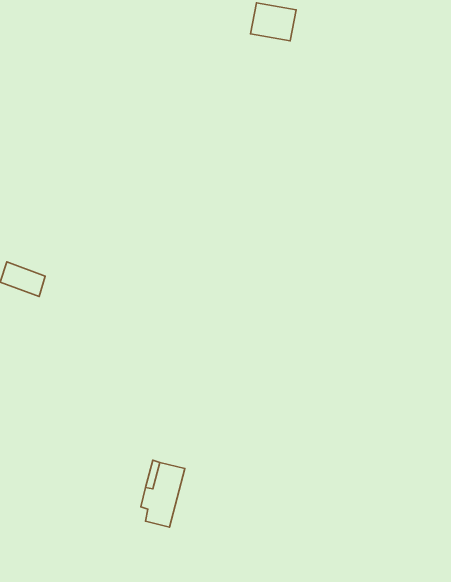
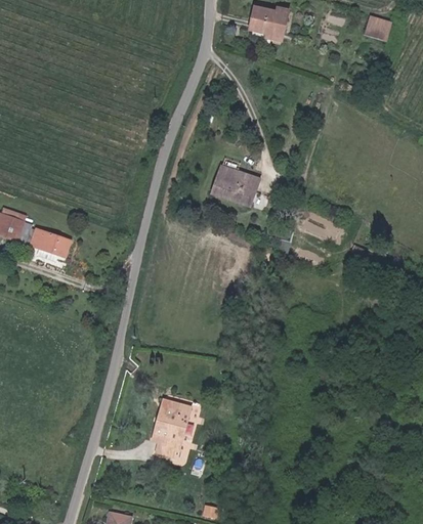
building: none -> [368,16,393,40]
building: none -> [213,167,259,206]

